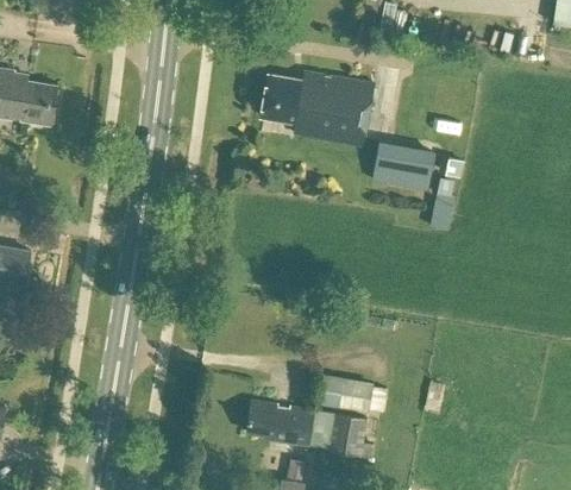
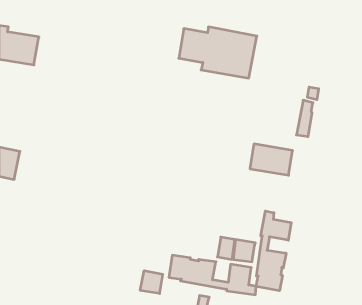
building: [372,143,434,188] -> [250,144,293,175]
building: none -> [256,211,291,291]
building: none -> [140,271,163,294]

